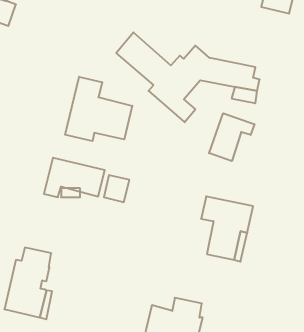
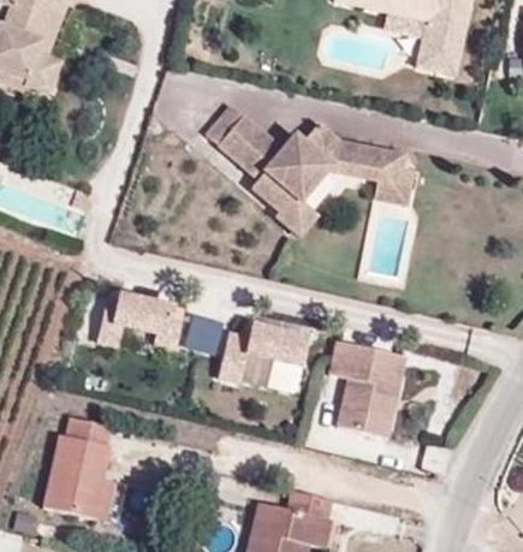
building: [65,77,132,141] -> none
building: [209,113,254,161] -> none
building: none -> [221,320,308,391]

